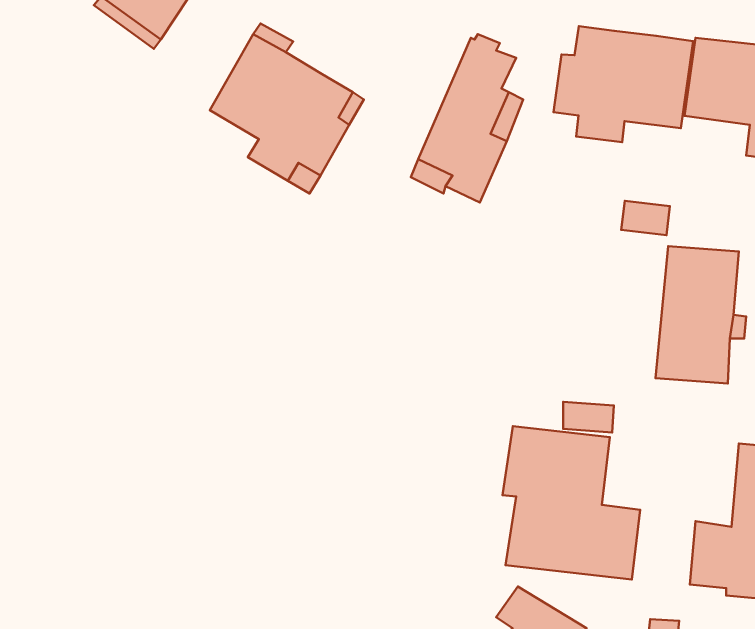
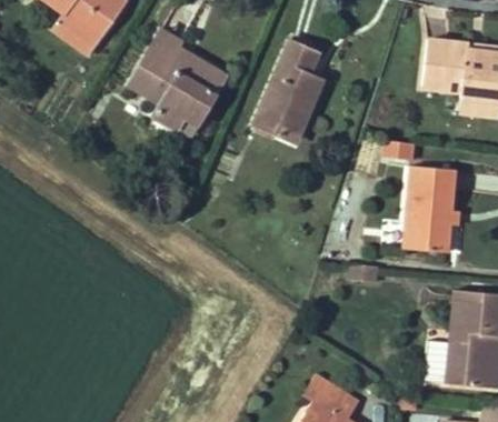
building: [553,26,693,142] -> none
building: [502,426,640,579] -> none

